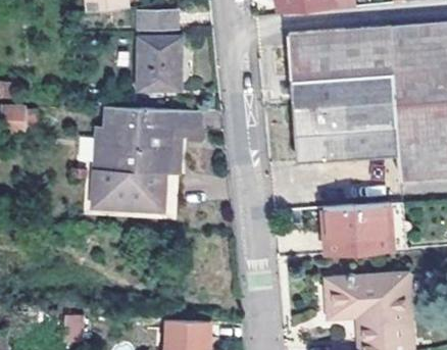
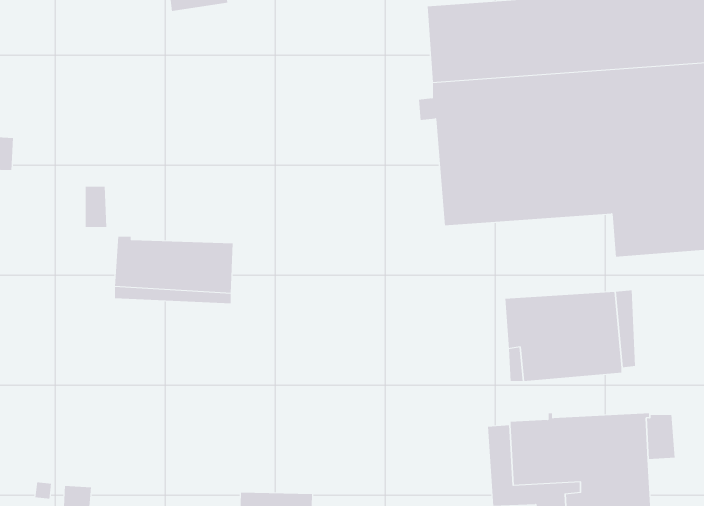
building: [131,39,180,98] -> none
building: [98,105,202,173] -> none

